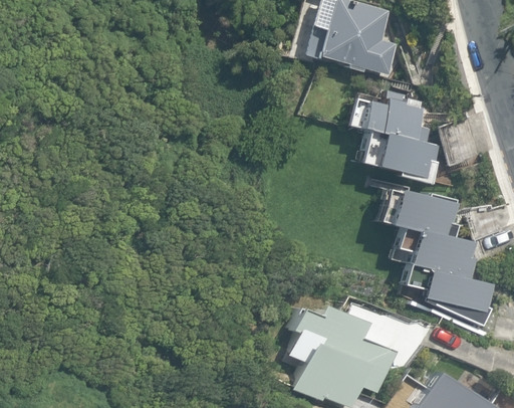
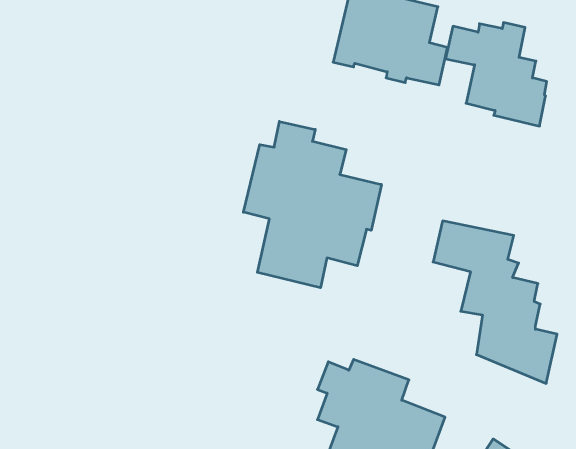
building: [354,96,439,183] -> [446,23,547,126]
building: none -> [243,121,381,288]

